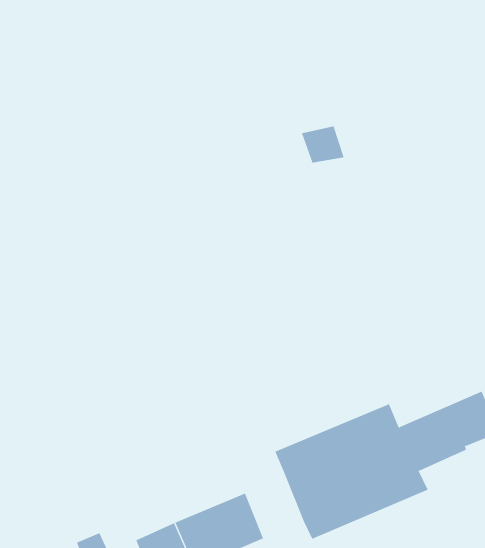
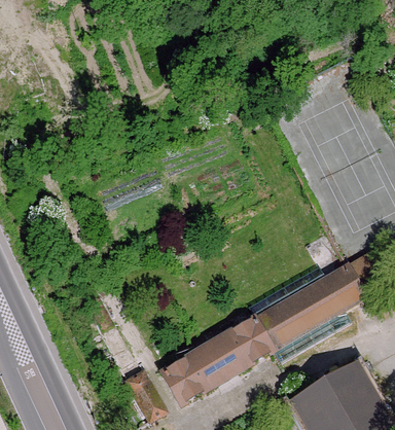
building: none -> [224,322,263,364]

